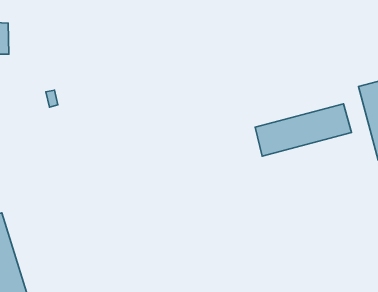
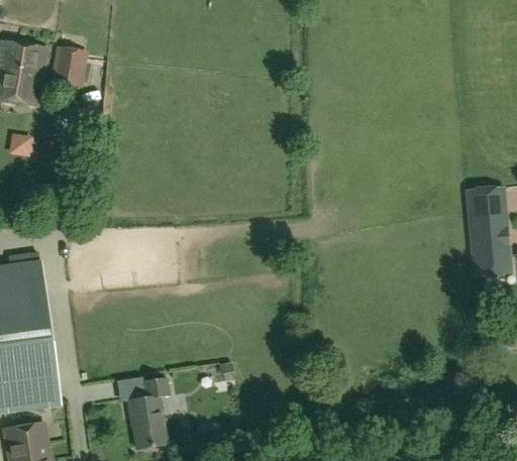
building: [255,104,352,156] -> none

